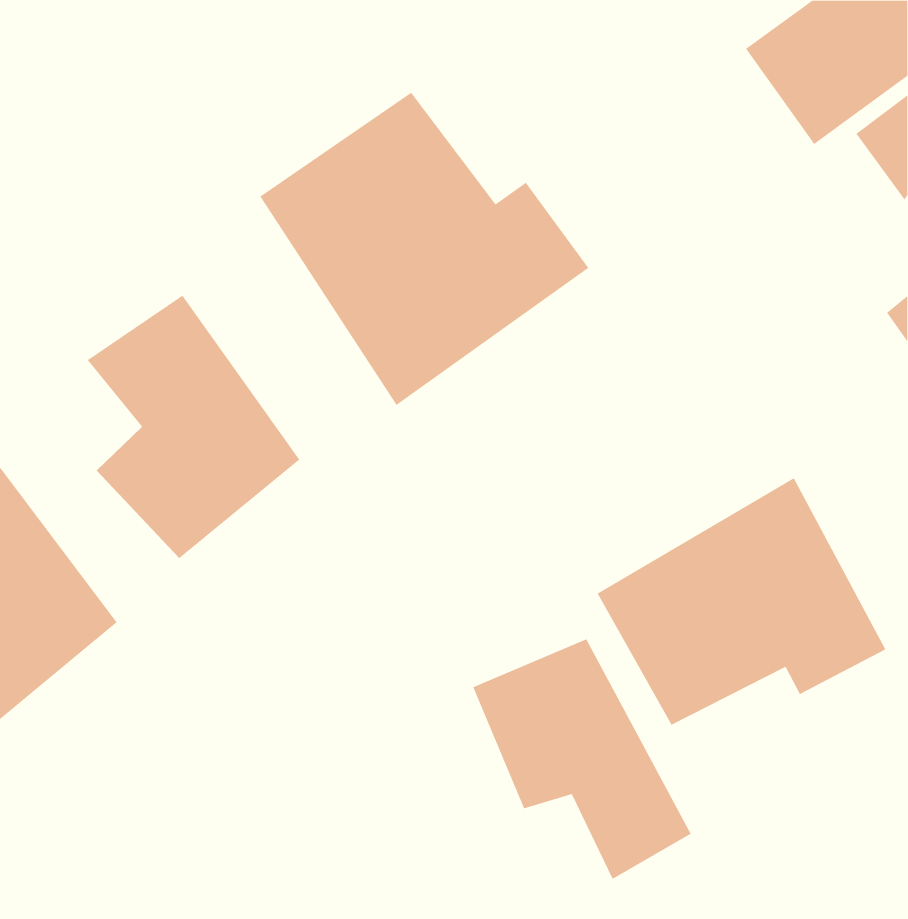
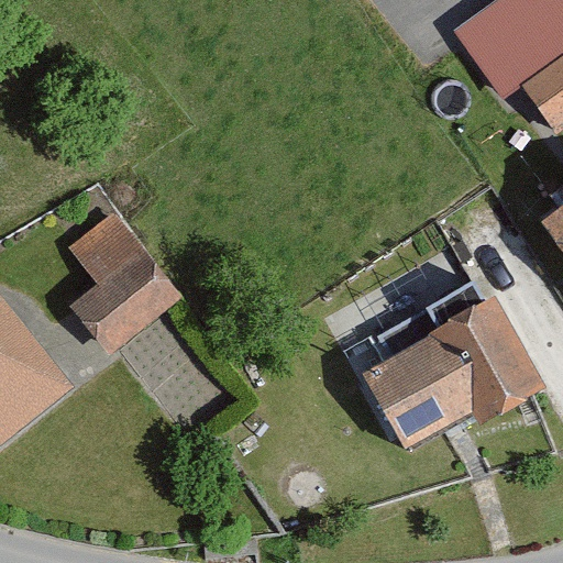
building: [260,92,589,406] -> none
building: [473,639,692,880] -> none

